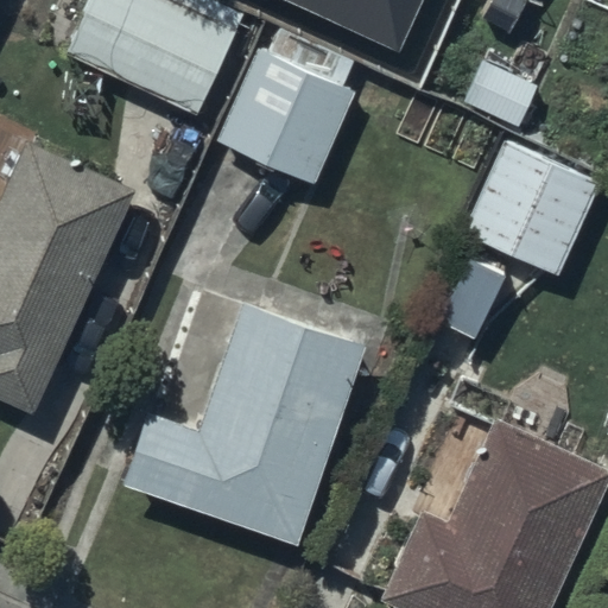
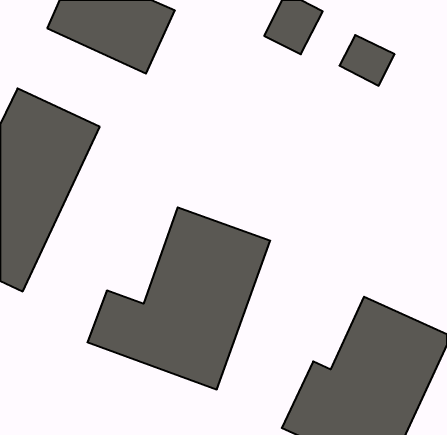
building: [214,34,365,185] -> none
building: [462,141,601,277] -> none

